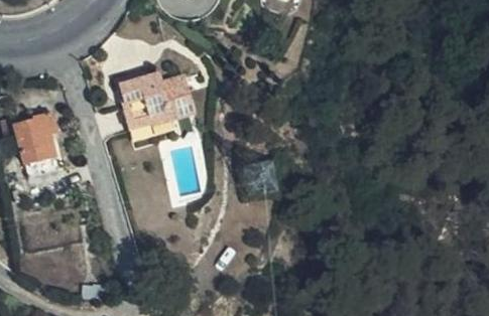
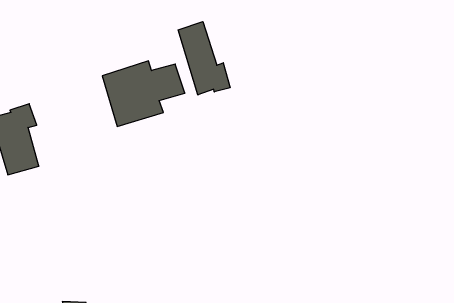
building: none -> [178,22,230,95]

